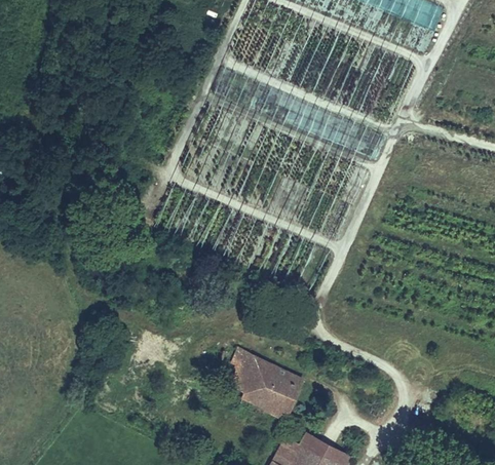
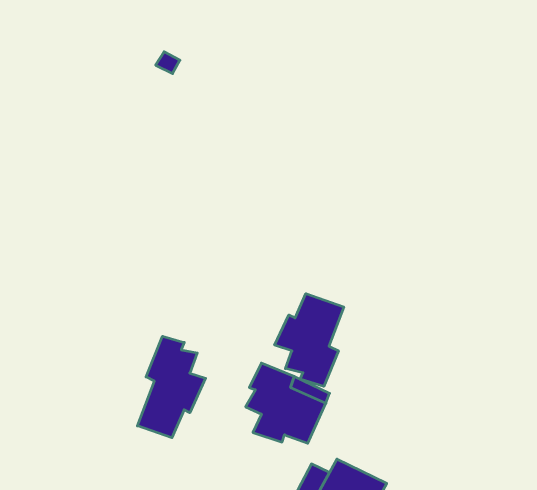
building: none -> [275,294,344,386]
building: none -> [137,336,206,438]

